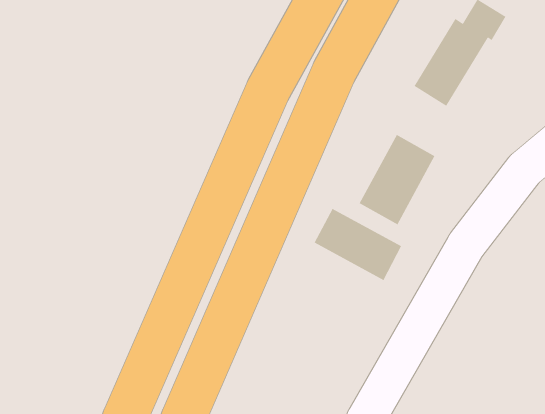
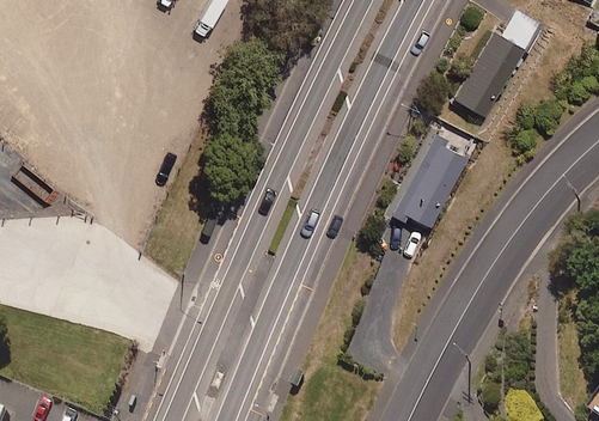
building: [314,208,402,281] -> none

